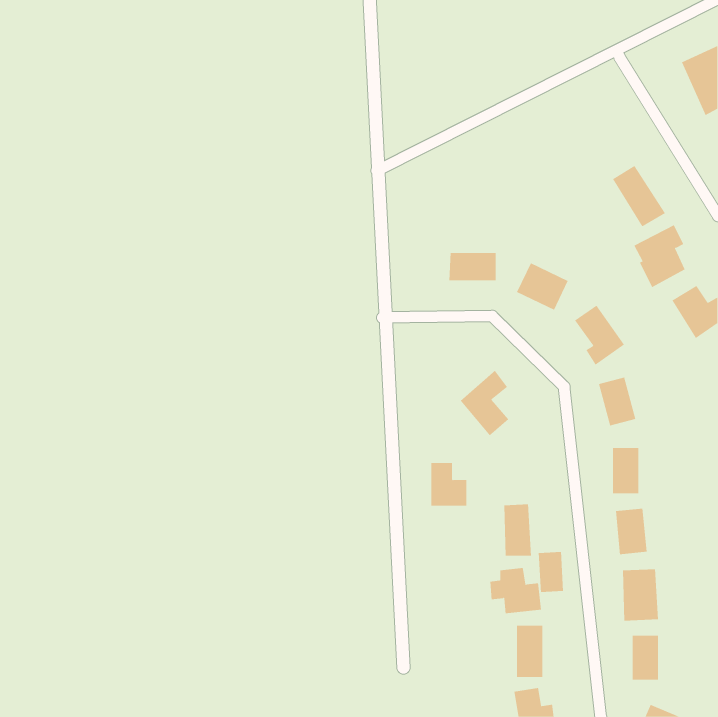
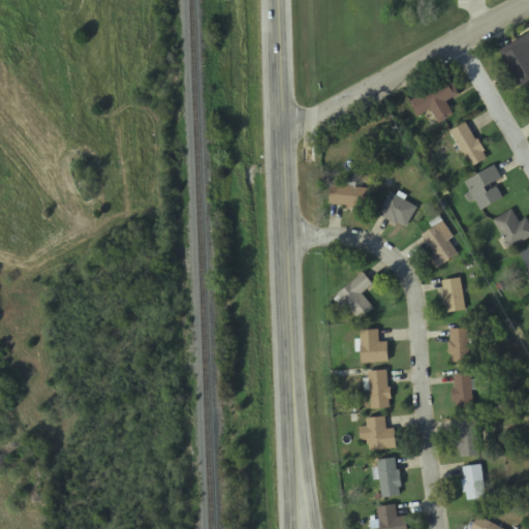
building: none -> [408,79,458,122]
building: [430,463,467,506] -> [361,329,387,361]
building: [538,551,564,593] -> none

